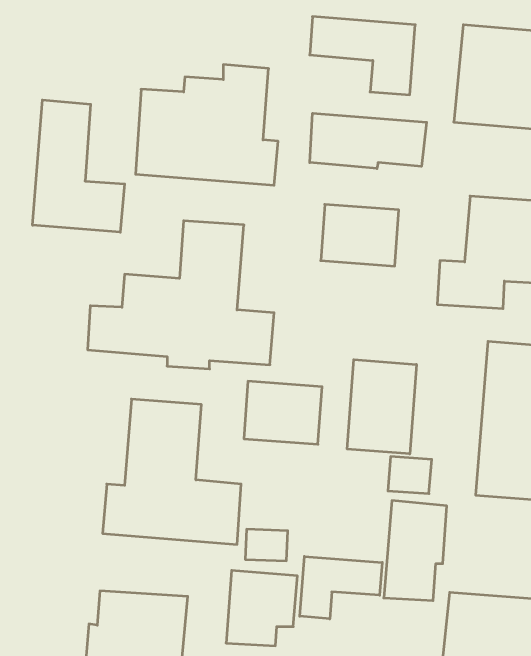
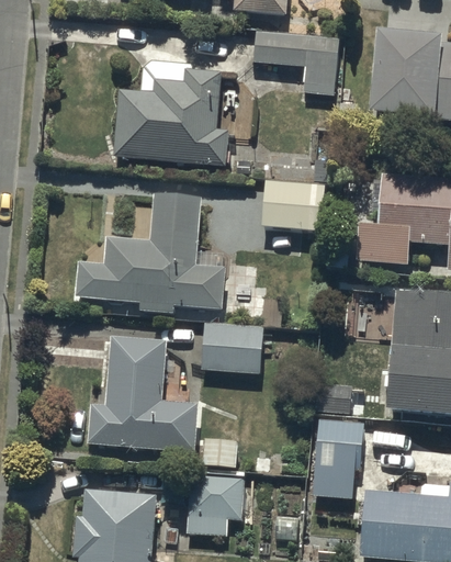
building: [33,100,125,232] -> none
building: [310,113,427,169] -> none
building: [347,360,416,454] -> none
building: [300,556,382,619] -> none

